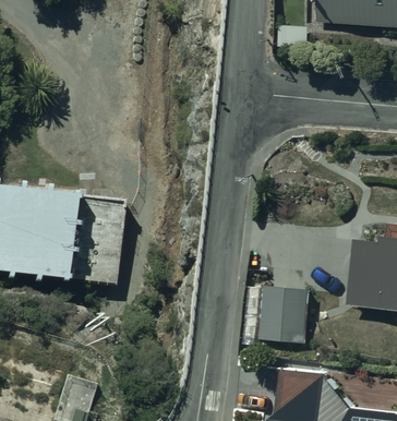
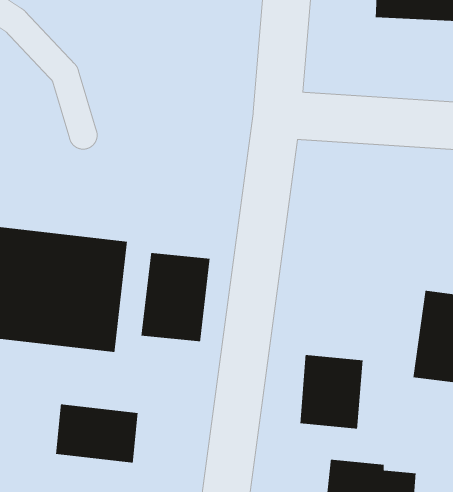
building: none -> [141,252,211,342]
building: none -> [55,403,138,464]

